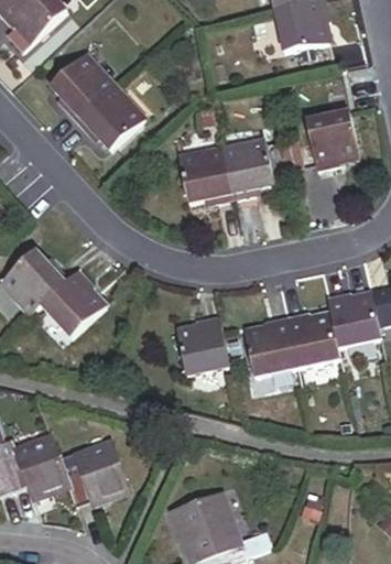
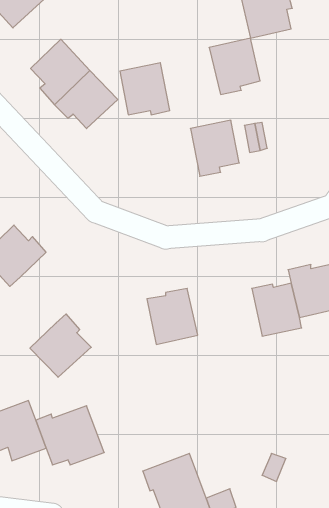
building: [305,109,359,169] -> [209,38,260,94]
building: [178,147,231,202] -> [120,63,170,115]
building: [41,268,106,335] -> [30,314,91,377]
building: [243,316,297,377] -> none

